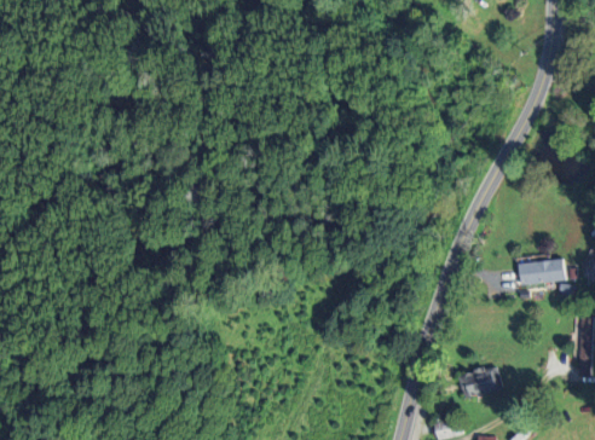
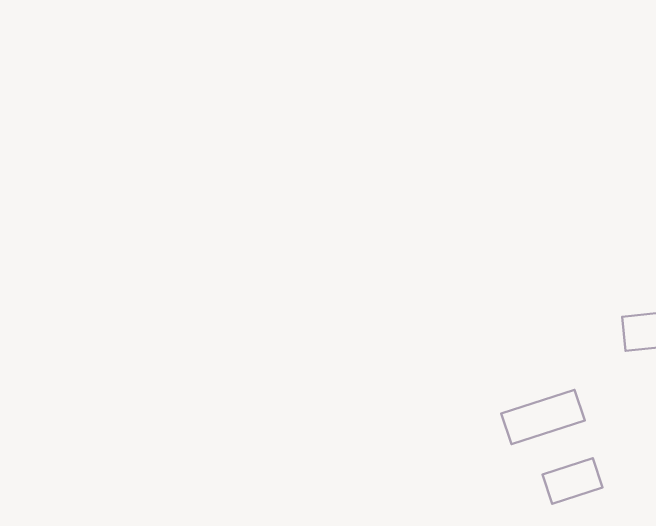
building: none -> [501,390,585,444]

